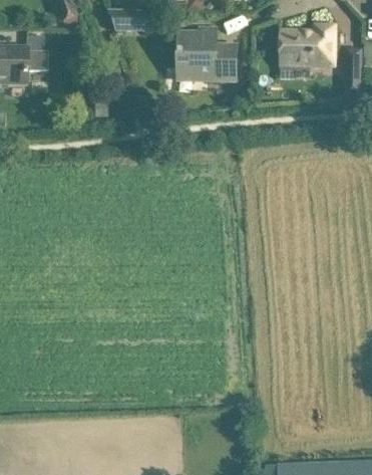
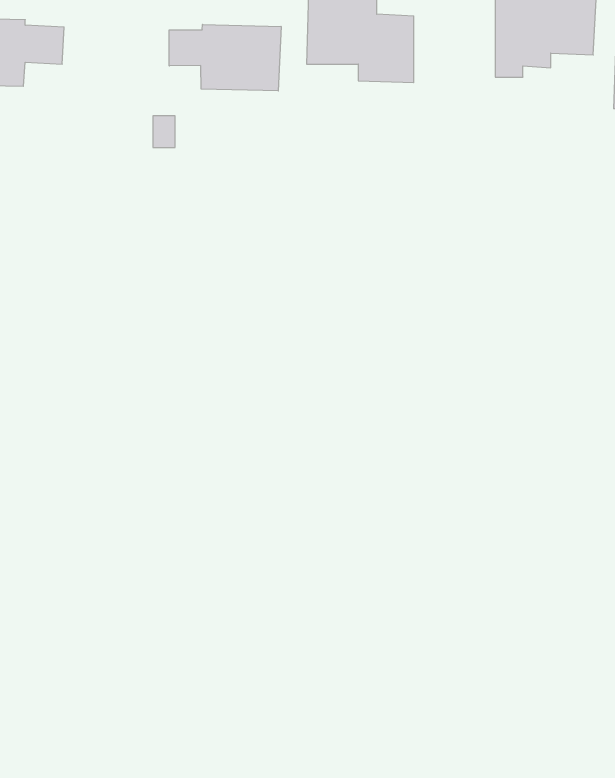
building: none -> [169,24,281,91]

